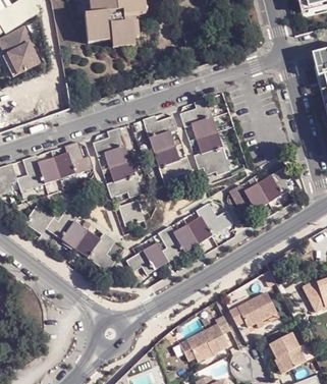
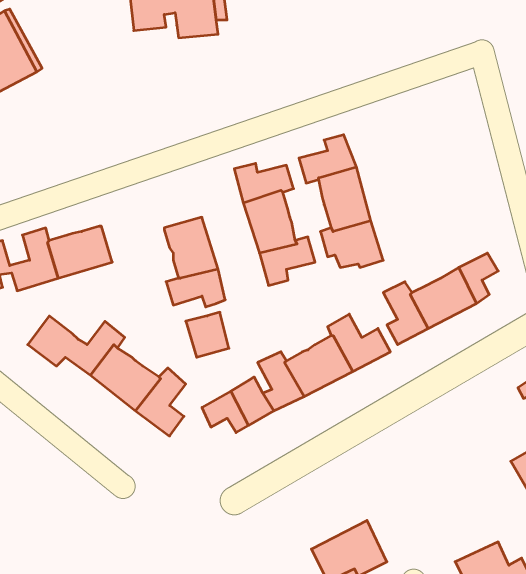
building: [95,128,126,157] -> none
building: [66,142,94,173] -> none
building: [232,291,278,325] -> none

